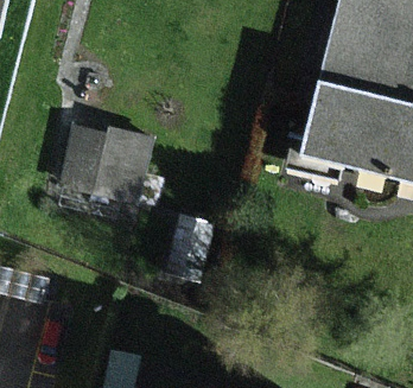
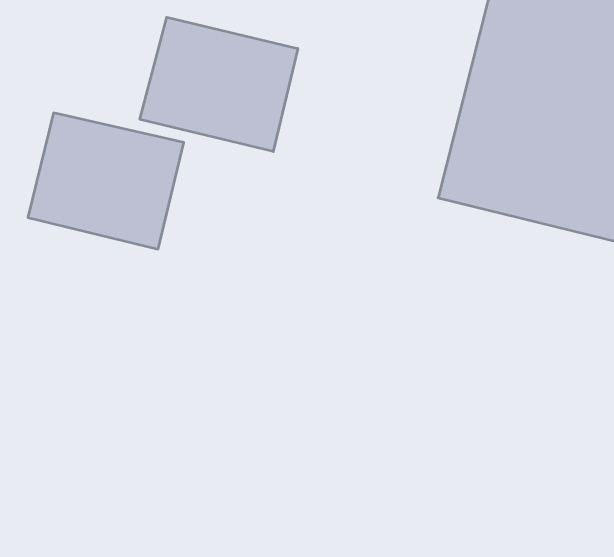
building: none -> [140,17,298,152]

